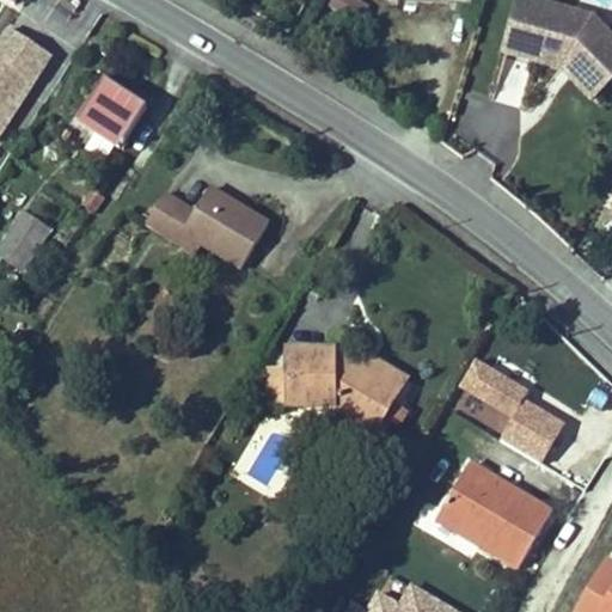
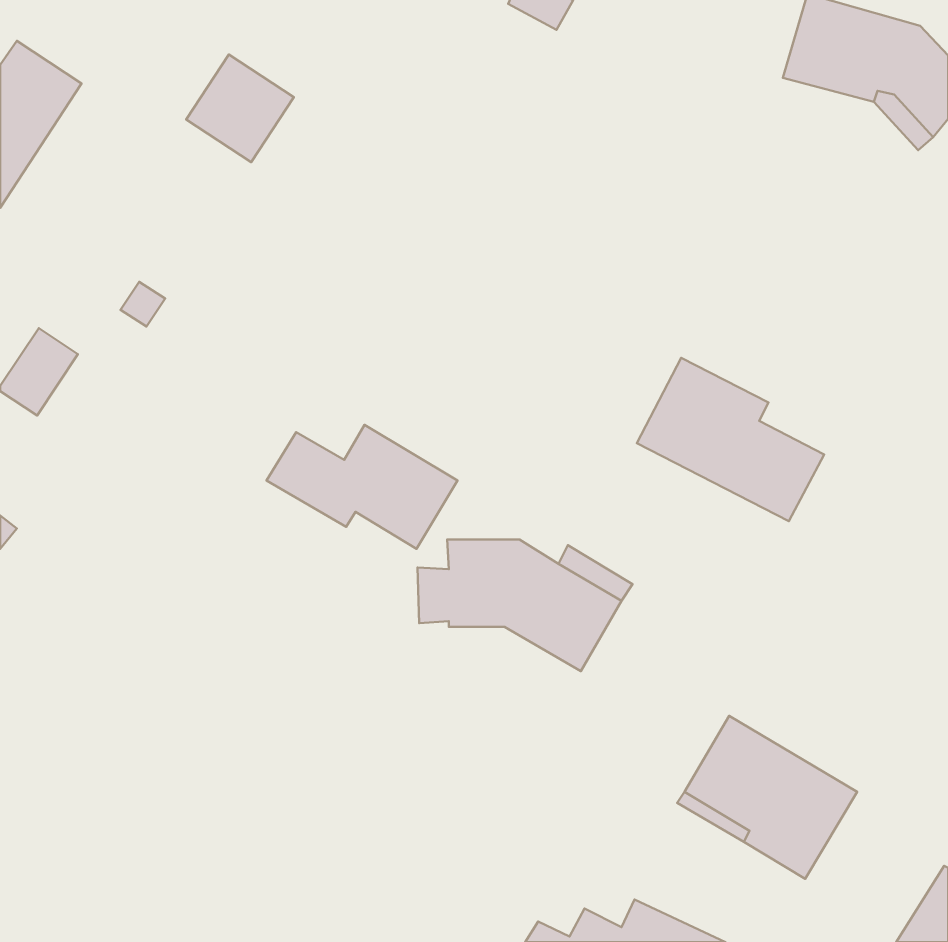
building: [78,78,147,147] -> [186,55,294,162]
building: [146,185,269,265] -> [266,425,457,549]
building: [447,354,568,459] -> [637,358,824,521]

